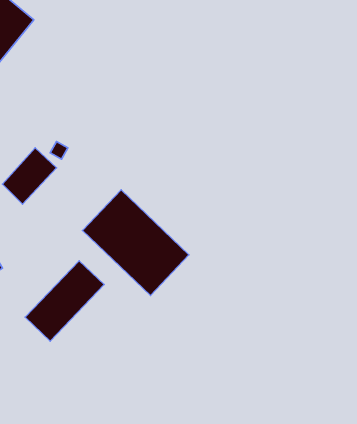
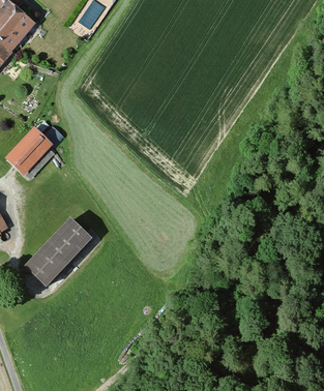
building: [83,190,189,295] -> none

